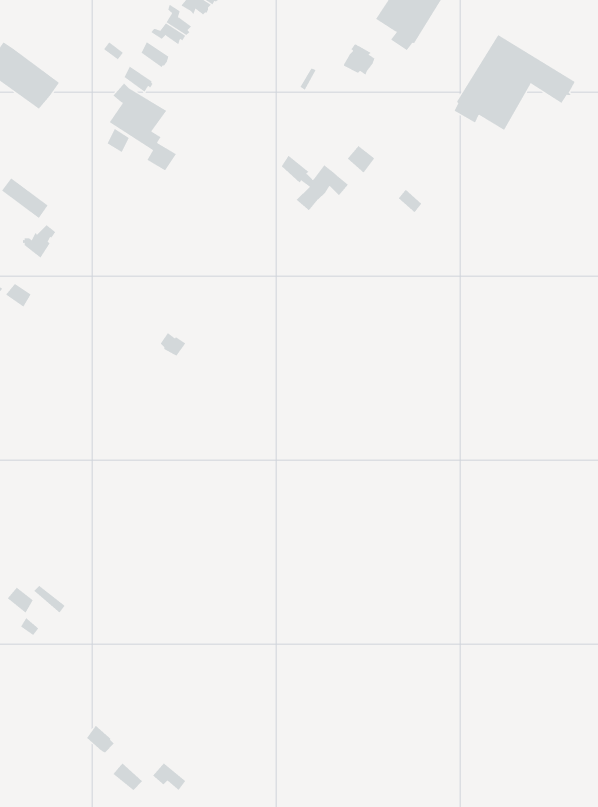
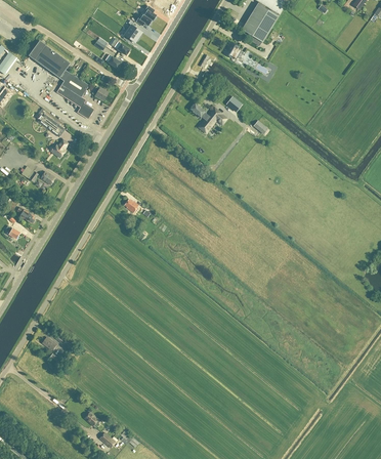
building: [454,34,575,131] -> none
building: [109,82,177,171] -> [56,70,93,118]

